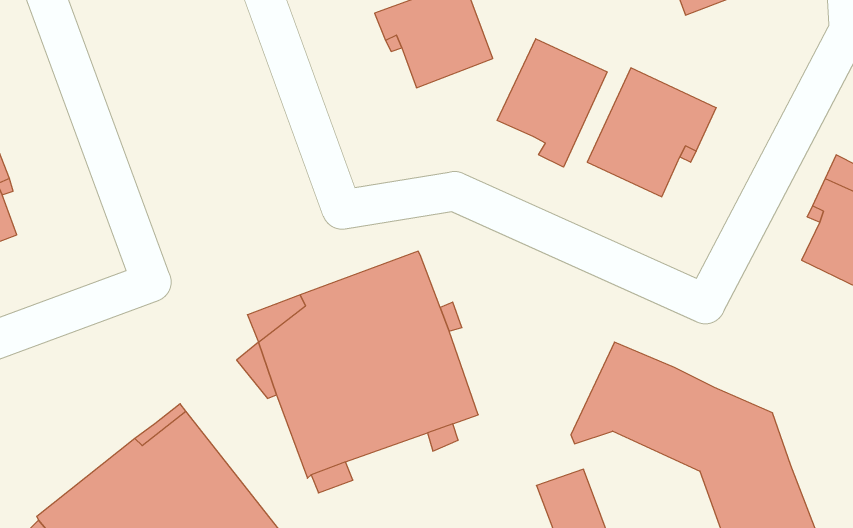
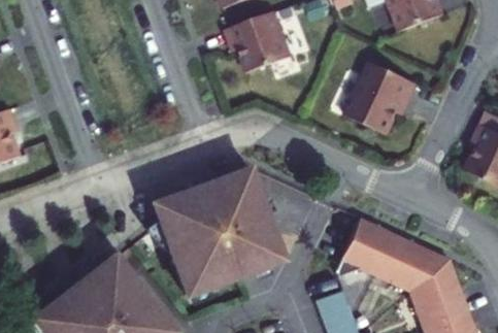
building: [497,39,607,167] -> none

